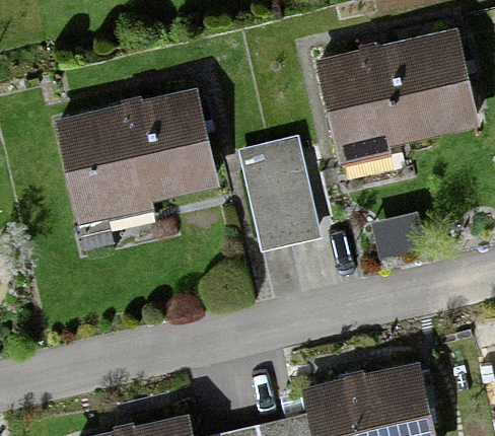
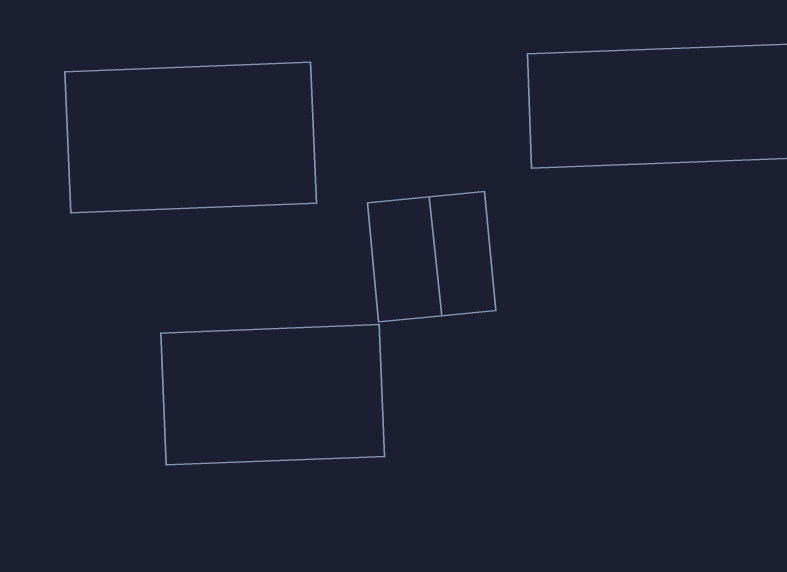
building: none -> [161,324,384,465]

